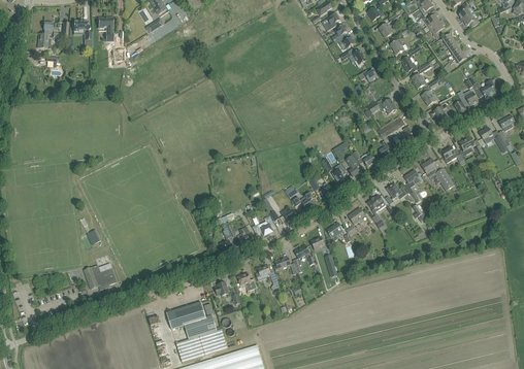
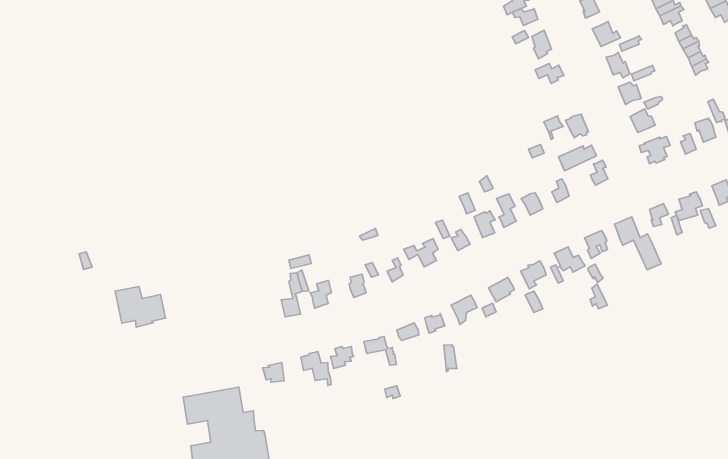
building: [83,264,117,290] -> [115,286,165,327]

